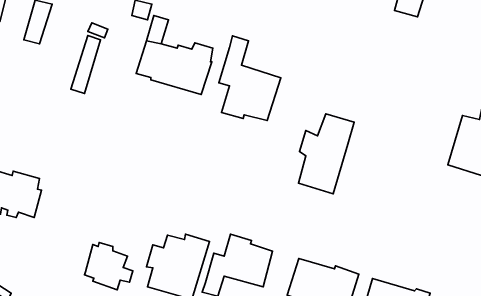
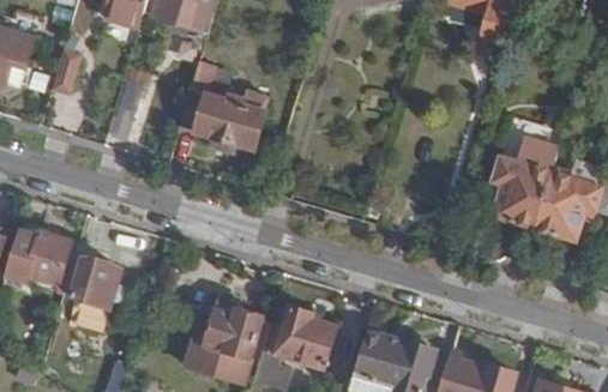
building: [219,36,281,120] -> none
building: [298,114,354,194] -> [496,137,560,228]
building: [84,242,133,290] -> [62,254,118,308]

